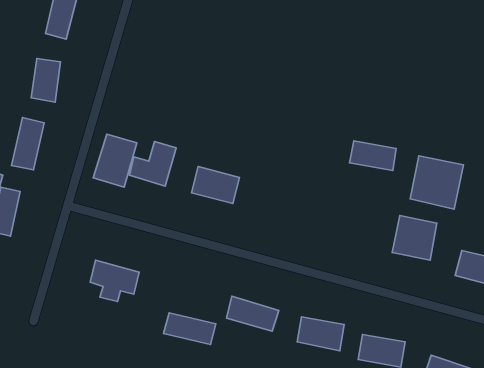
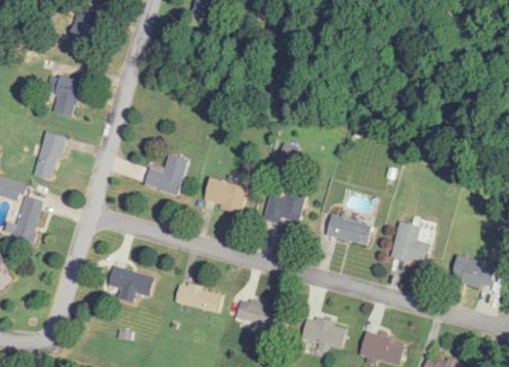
building: [93,134,137,187] -> none
building: [349,141,396,170] -> [326,216,370,243]
building: [410,156,463,209] -> none
building: none -> [263,186,307,225]
building: [164,313,216,344] -> [174,282,223,312]

